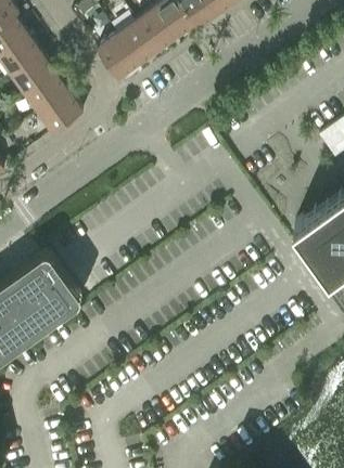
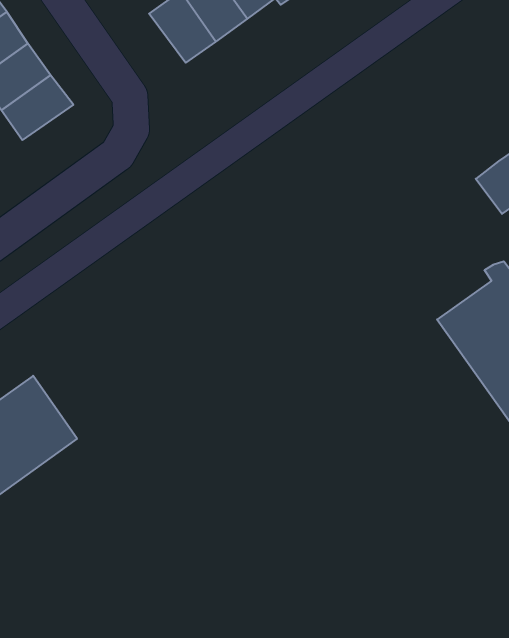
building: [97,37,139,81] -> none
building: [38,93,84,135] -> none

